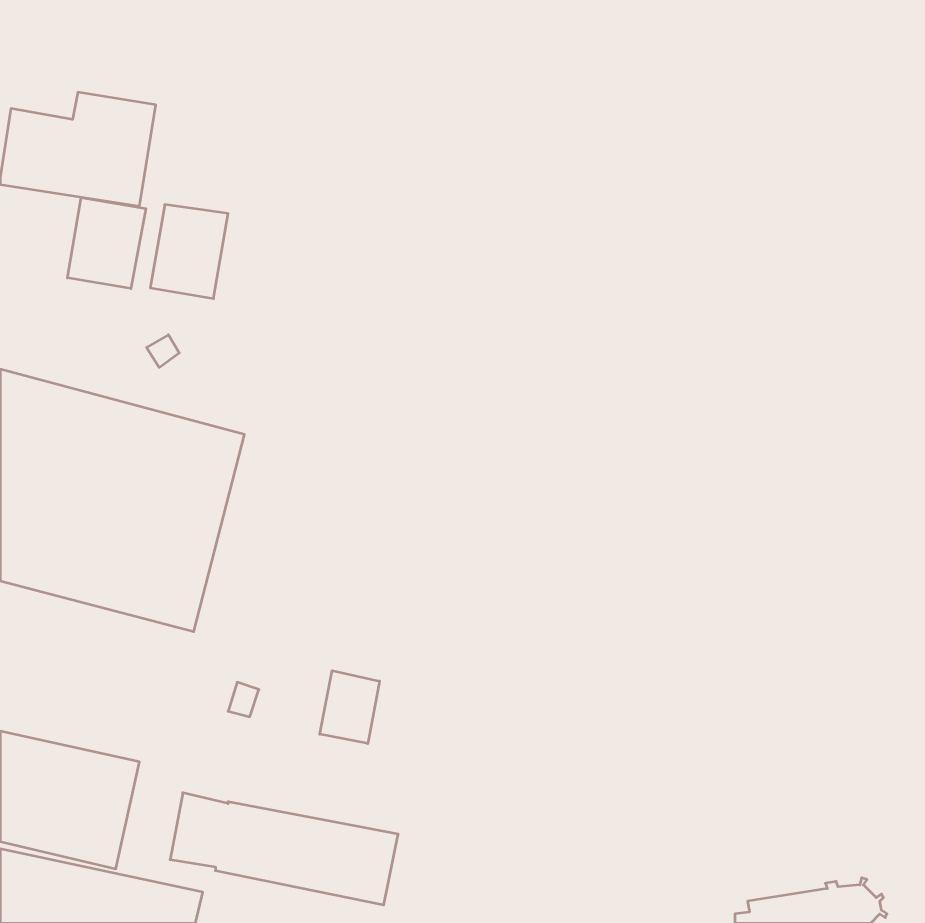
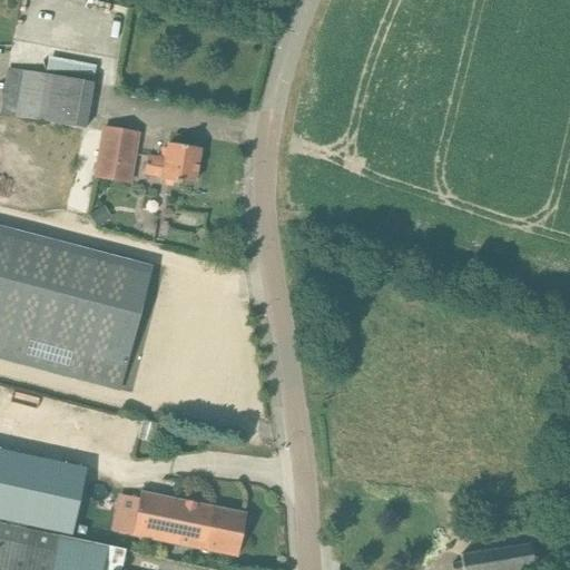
building: [67,197,146,289] -> none
building: none -> [146,144,200,183]
building: [320,671,380,744] -> none

